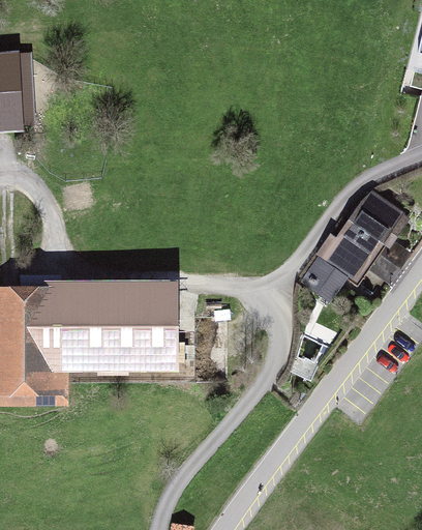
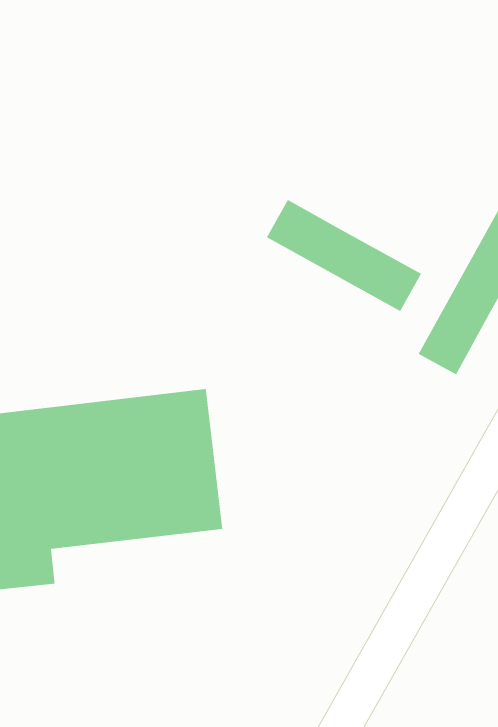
building: none -> [266,199,422,312]

